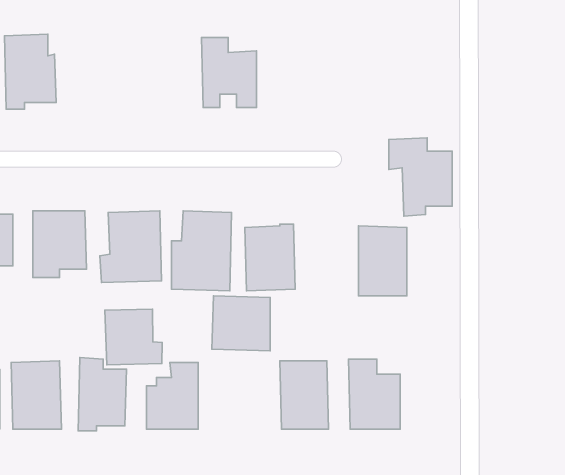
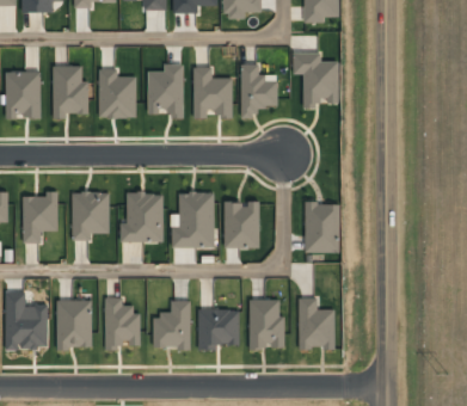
building: none -> [147,63,184,117]
building: none -> [240,63,277,117]
building: none -> [98,68,136,117]
building: [389,138,452,216] -> [293,51,338,107]
building: [212,296,270,351] -> [197,308,239,347]
building: [105,309,162,365] -> none

